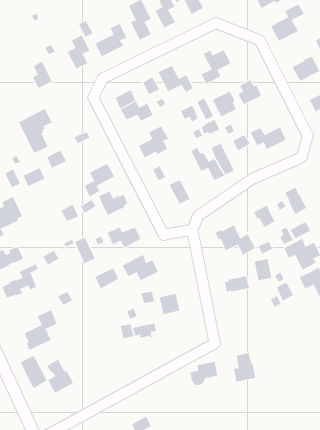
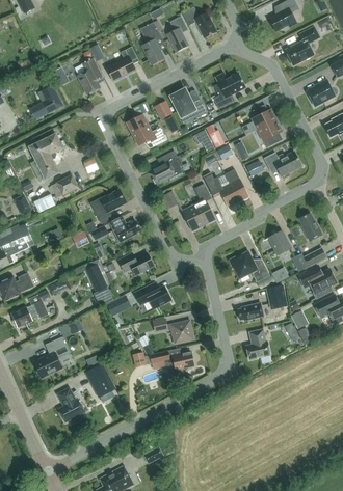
building: [212,91,236,117] -> [257,120,282,147]
building: none -> [192,184,214,225]
building: [233,352,256,382] -> [245,329,269,359]
building: [20,355,48,389] -> [83,364,111,399]
building: [189,361,218,386] -> [164,351,193,376]

